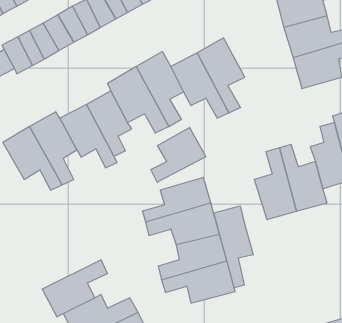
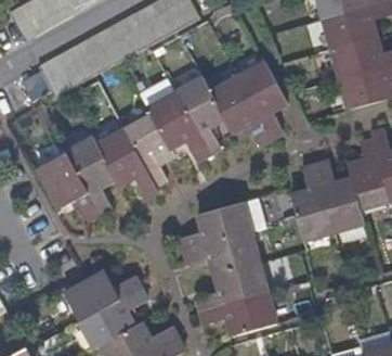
building: [151,127,206,182] -> none
building: [214,206,253,288] -> none
building: none -> [64,271,140,318]

